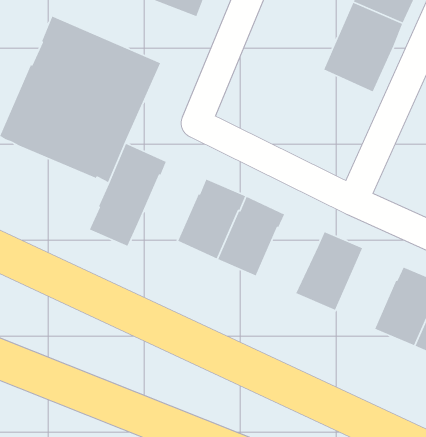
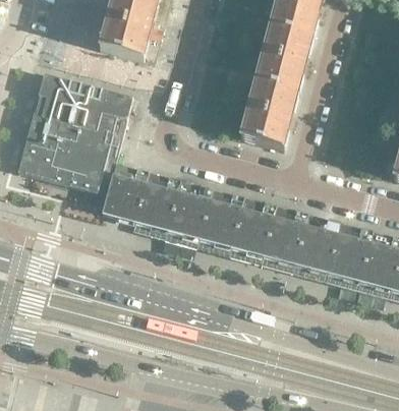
building: none -> [238,85,294,153]
building: none -> [132,174,178,233]
building: none -> [228,199,274,258]
building: none -> [292,216,338,276]

